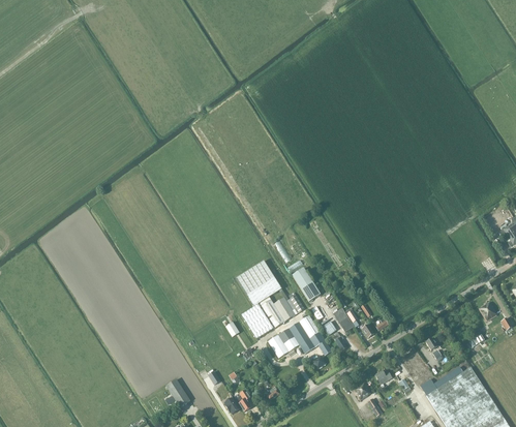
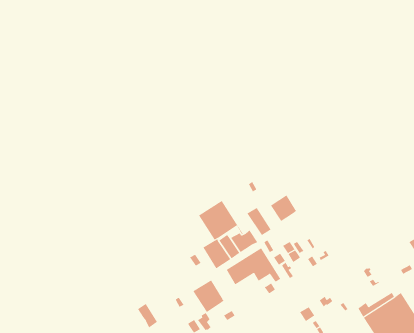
building: none -> [270,195,297,222]
building: none -> [192,279,224,313]

